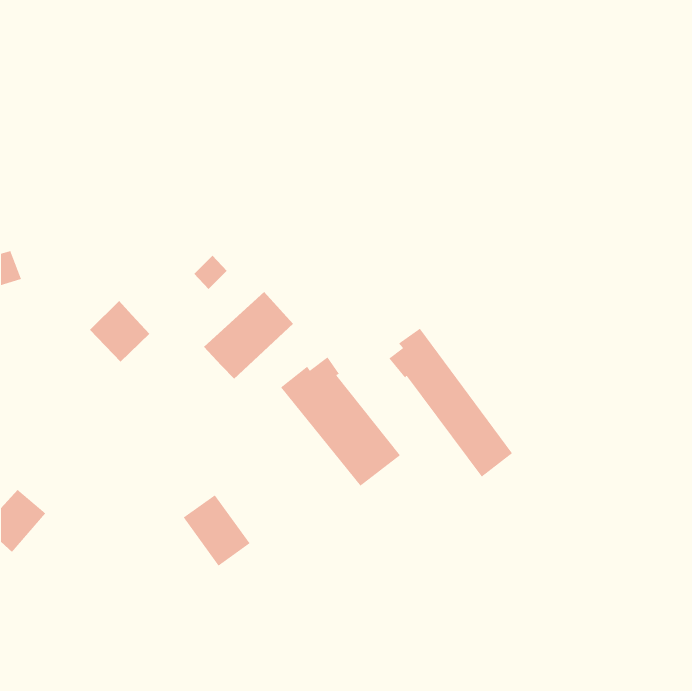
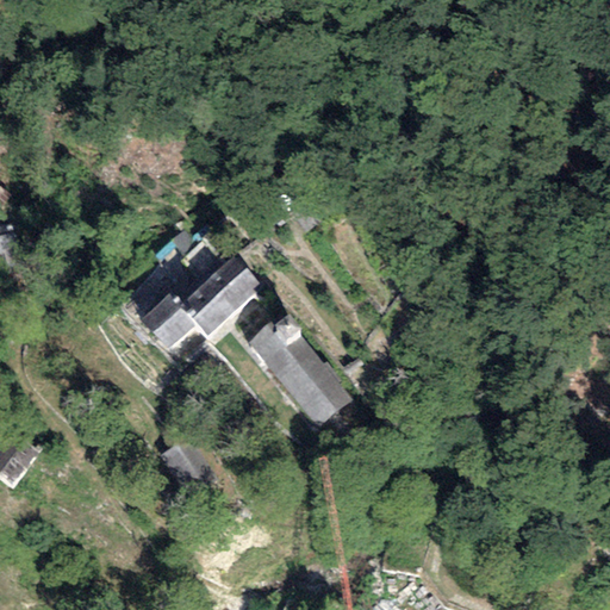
building: [89,300,150,362] -> [141,292,194,347]
building: [389,328,513,477] -> none

